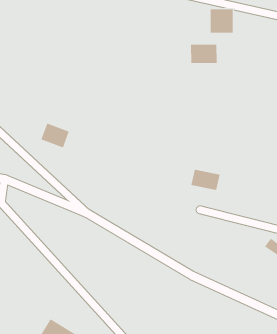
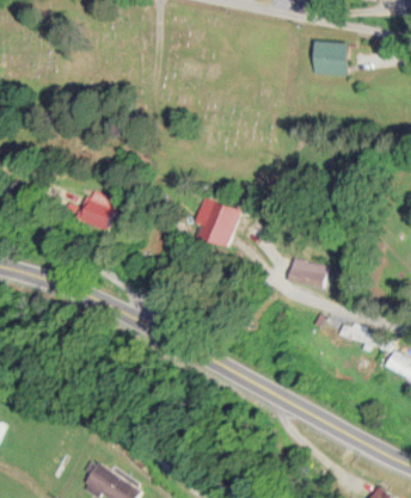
building: [190,44,217,64] -> none
building: none -> [200,203,235,242]

